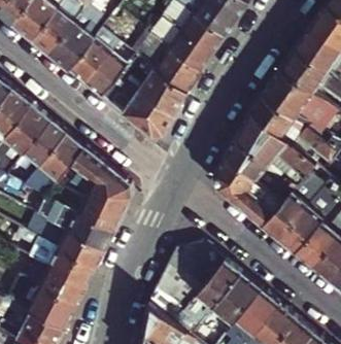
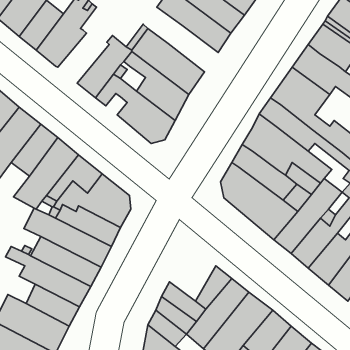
building: [67,29,116,83] -> none
building: [167,31,212,73] -> none
building: [168,242,210,281] -> none

